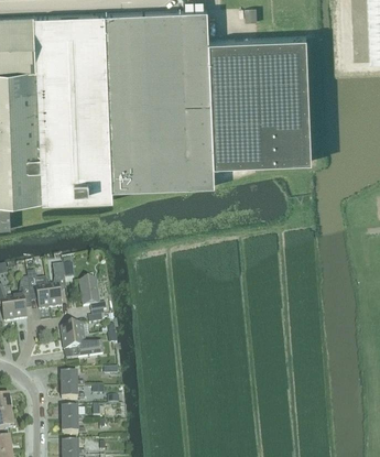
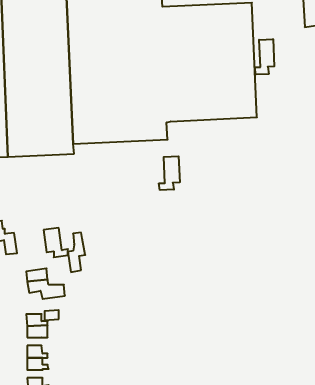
building: none -> [255,39,274,75]
building: none -> [159,156,180,190]
building: [48,266,67,309] -> [68,233,85,272]

